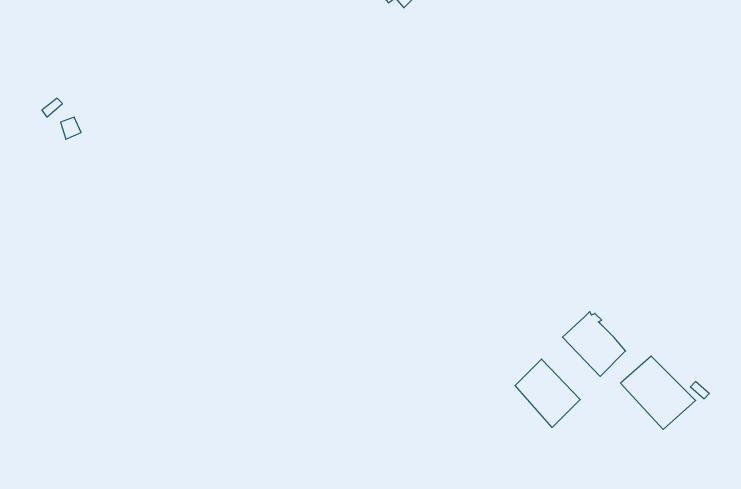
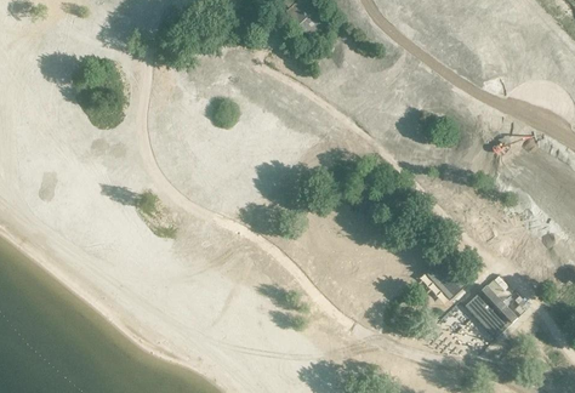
building: [515,359,580,427] -> none

